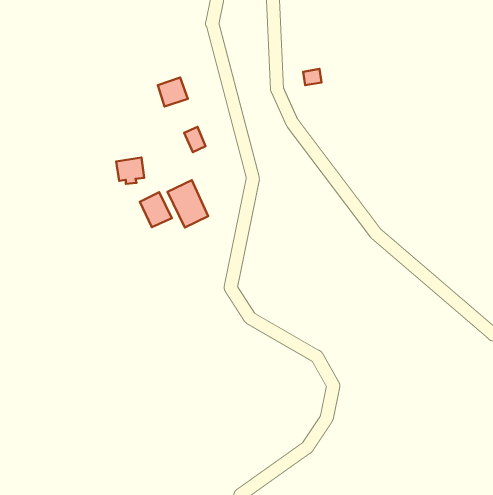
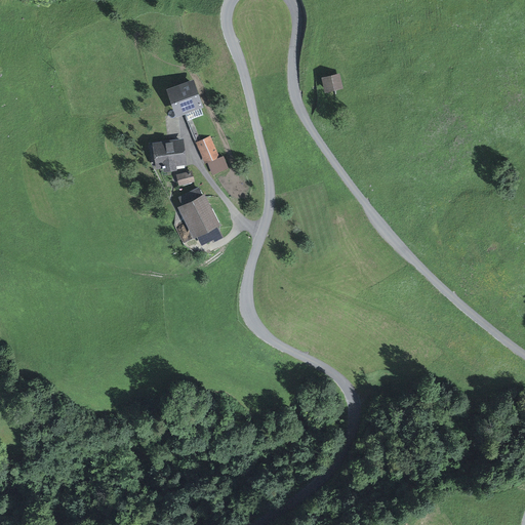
building: [116,158,144,184] -> [153,142,183,169]
building: [140,192,172,227] -> none

